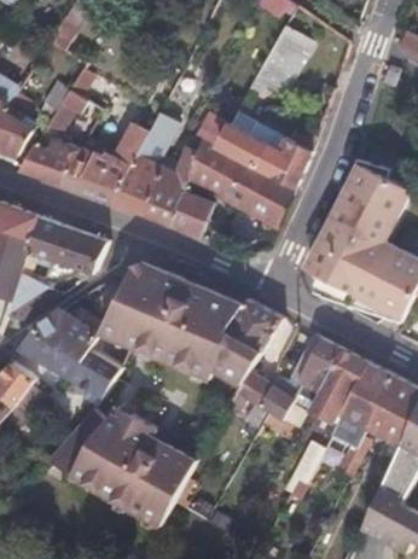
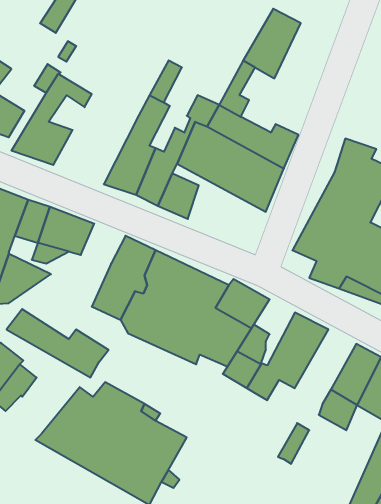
building: [64,122,150,202] -> none
building: [33,309,98,357] -> none
building: [307,348,368,423] -> none

